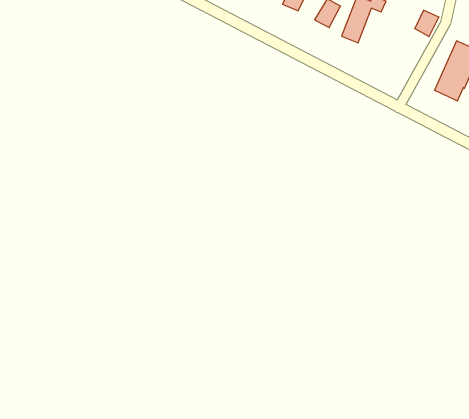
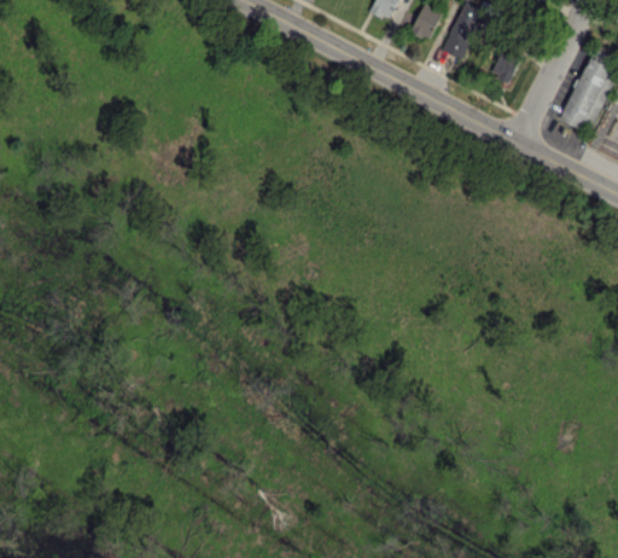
building: [415,10,439,36] -> [491,51,521,83]

